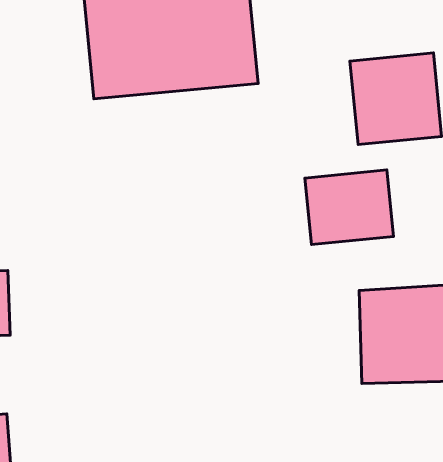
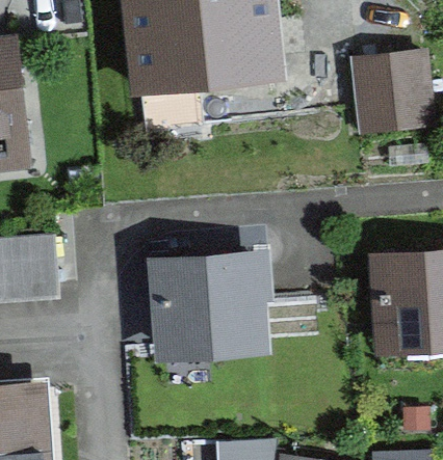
building: [305,170,393,245] -> none
building: none -> [141,261,267,360]

